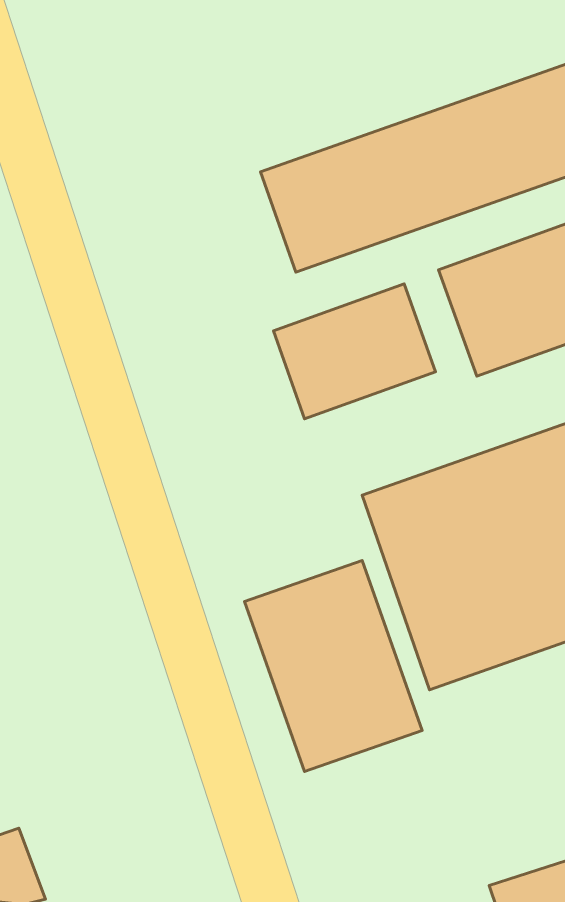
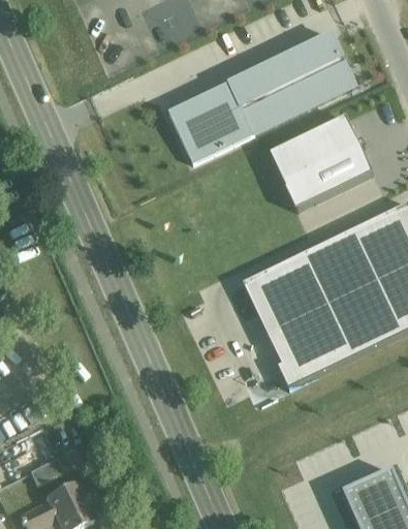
building: [273,284,435,419] -> none
building: [245,561,422,772] -> none

